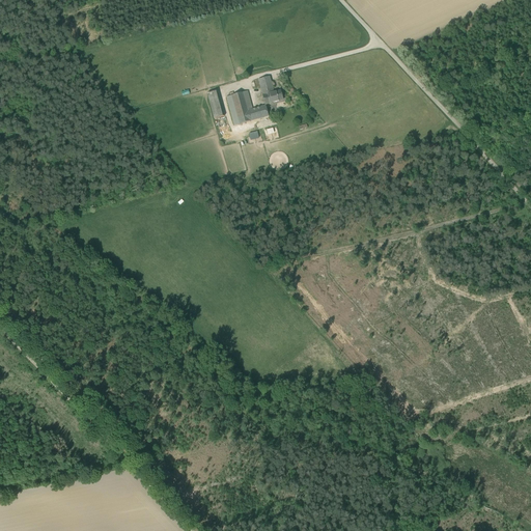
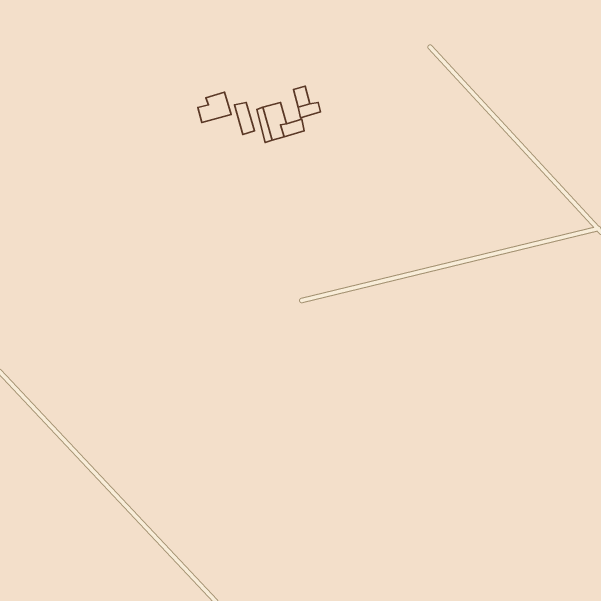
building: none -> [198,92,231,122]

